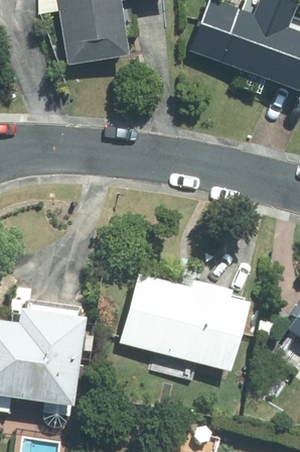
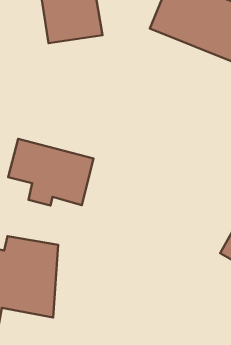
building: none -> [8,139,94,205]
building: [123,277,252,383] -> none

